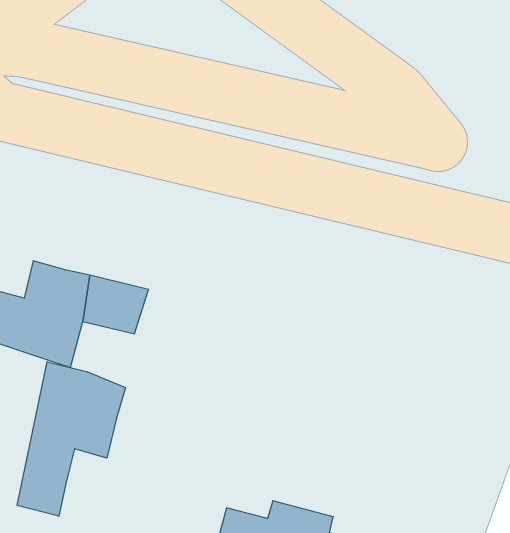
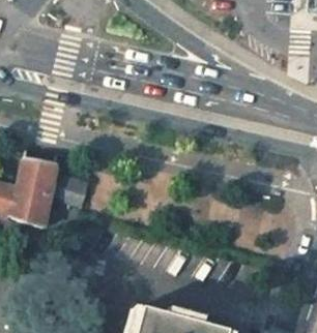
building: [17,362,125,516] -> none

